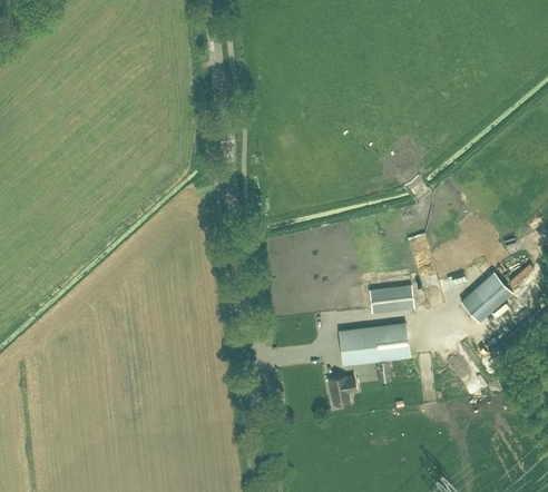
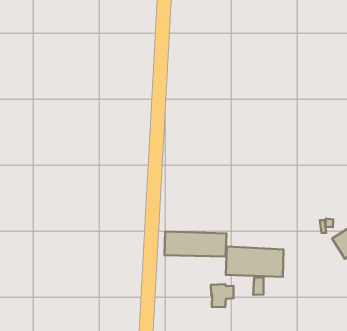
building: [370,286,413,312] -> none
building: none -> [164,231,226,256]

